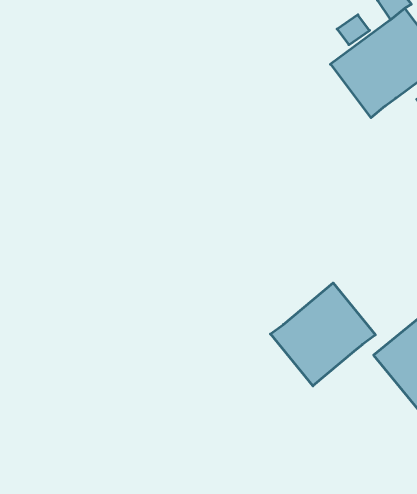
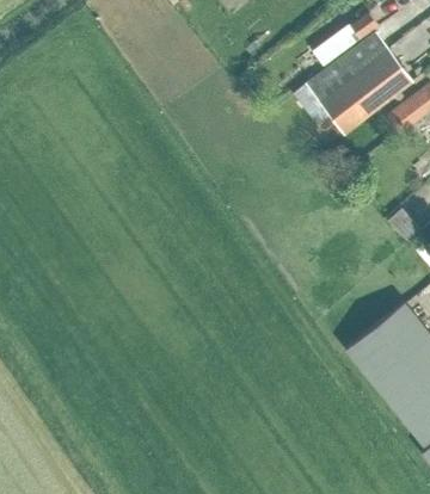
building: [270,283,375,386] -> none

